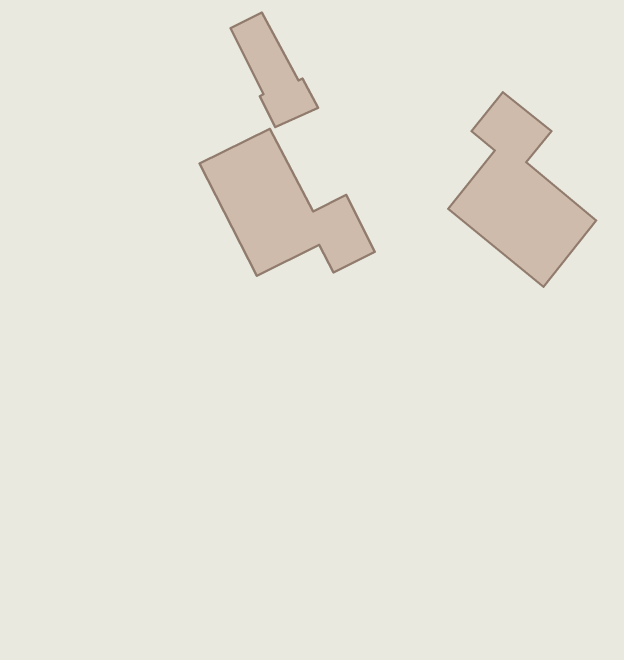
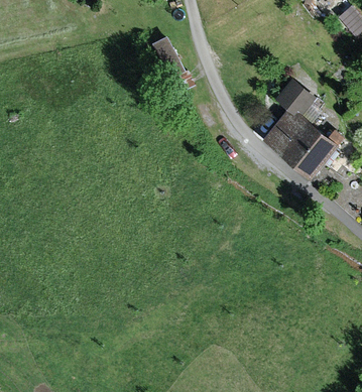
building: [200,129,375,276] -> none

